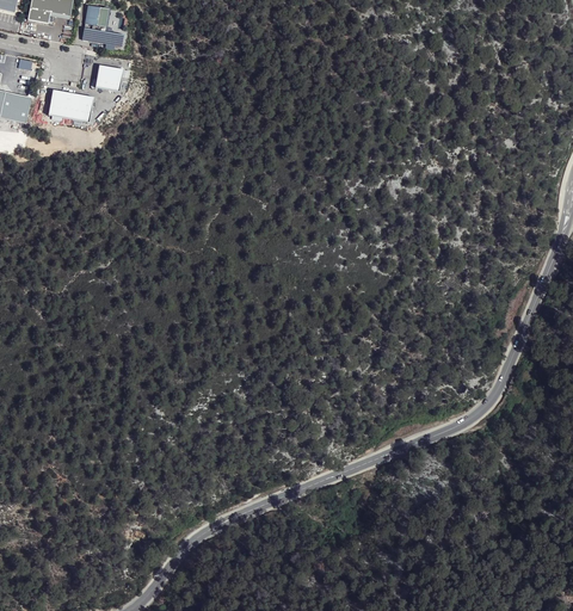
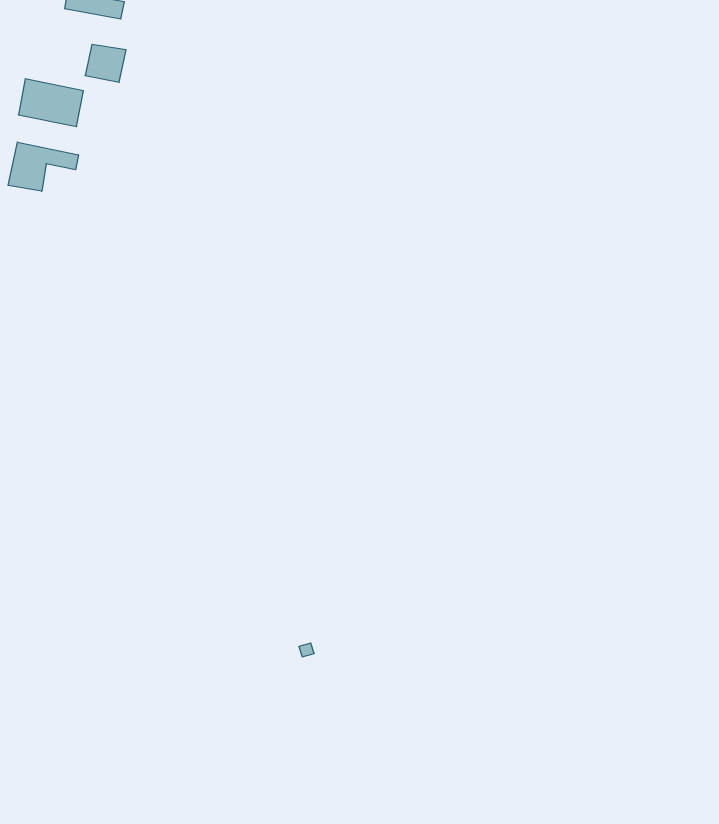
building: none -> [8,142,78,191]

